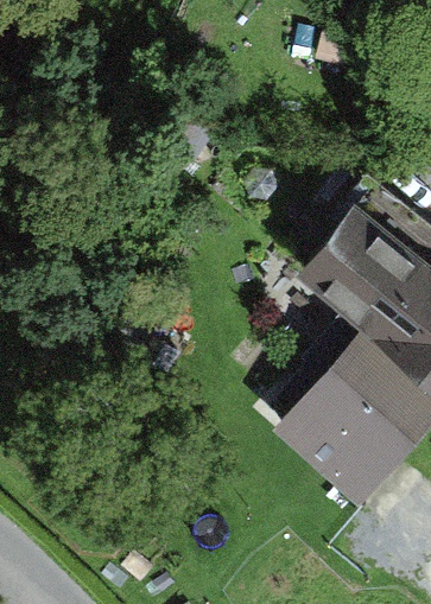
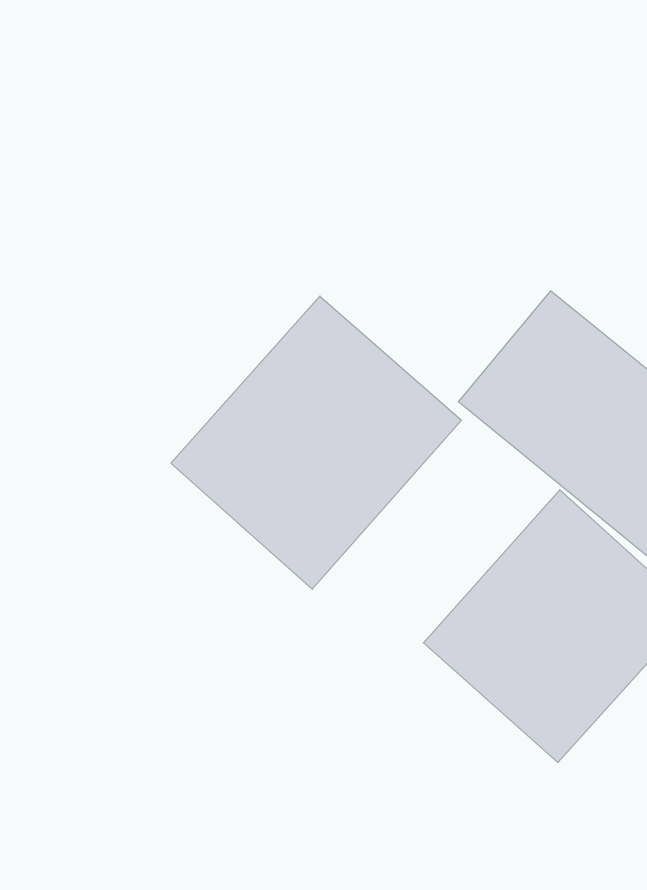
building: none -> [171,296,461,589]

